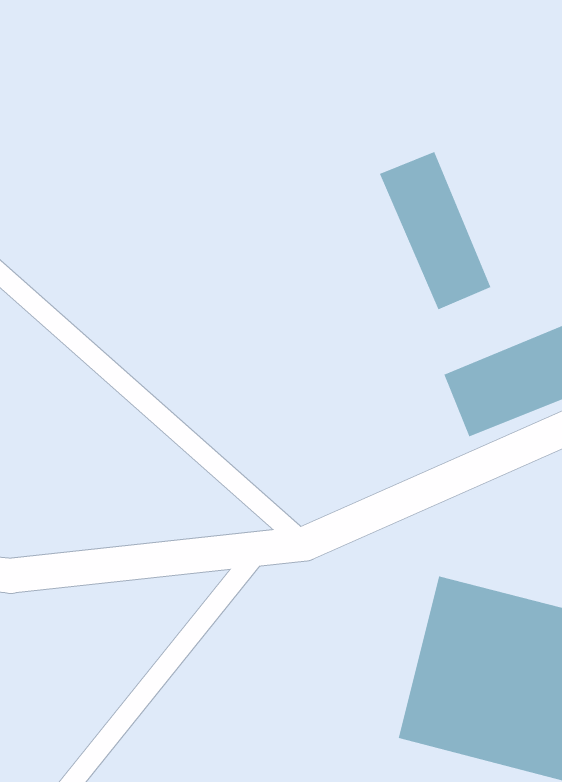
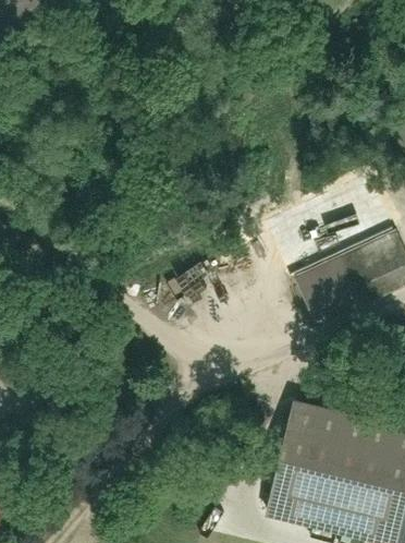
building: [379,151,491,310] -> none

